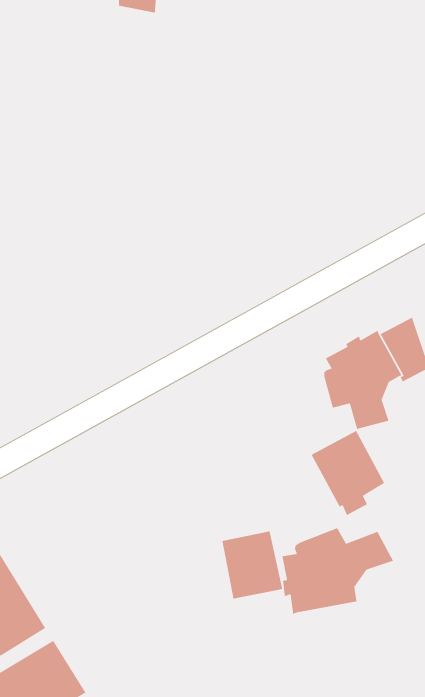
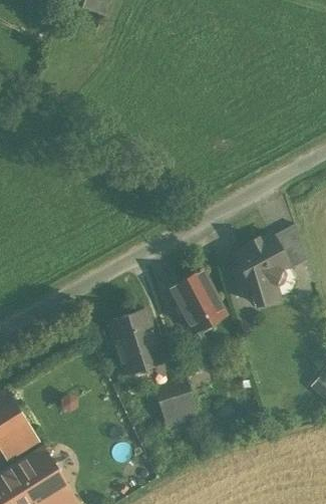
building: [311,430,385,516] -> [169,272,221,332]
building: none -> [106,310,161,376]
building: [281,527,394,615] -> none

